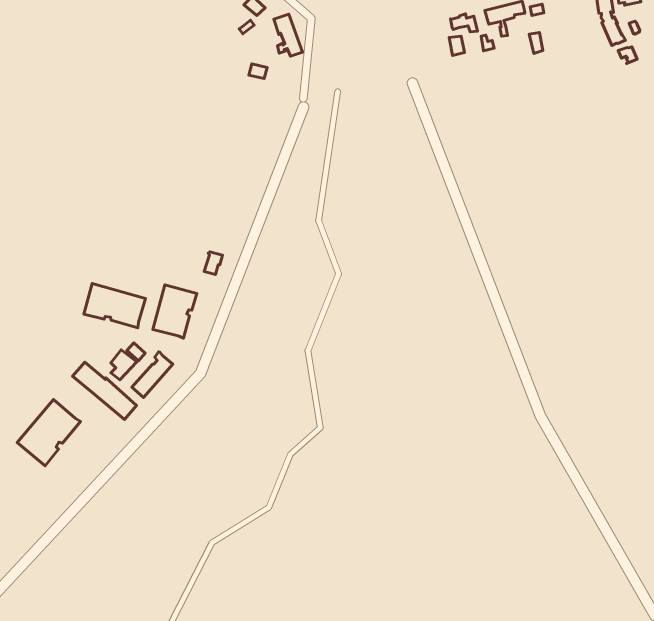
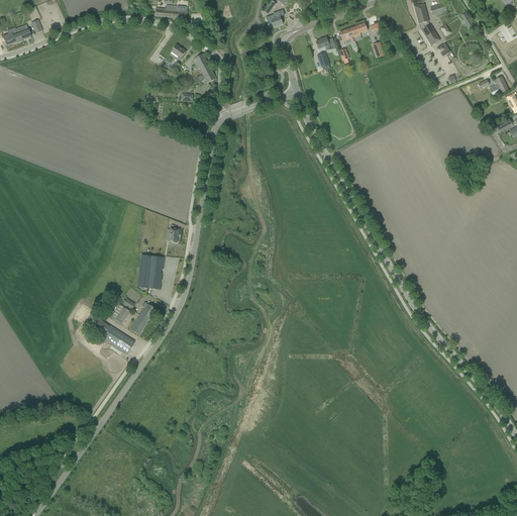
building: [84,284,145,328] -> none
building: [17,399,81,466] -> none

